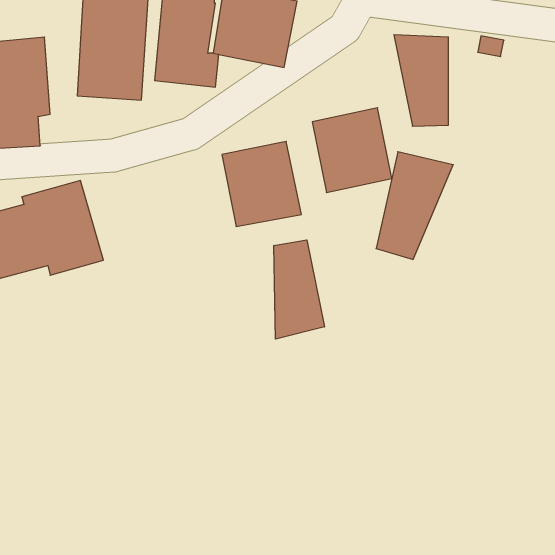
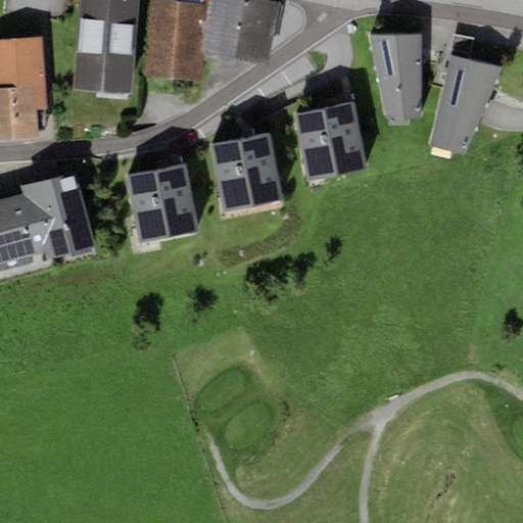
building: [376,152,453,259] -> [429,54,502,155]
building: none -> [126,163,198,241]
building: [274,240,324,339] -> none

